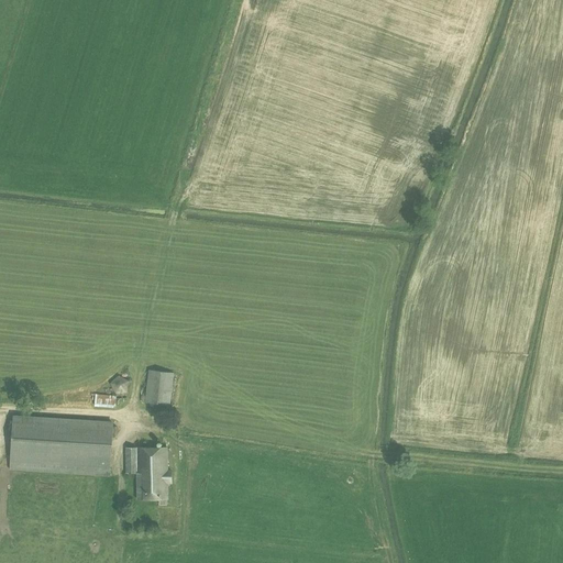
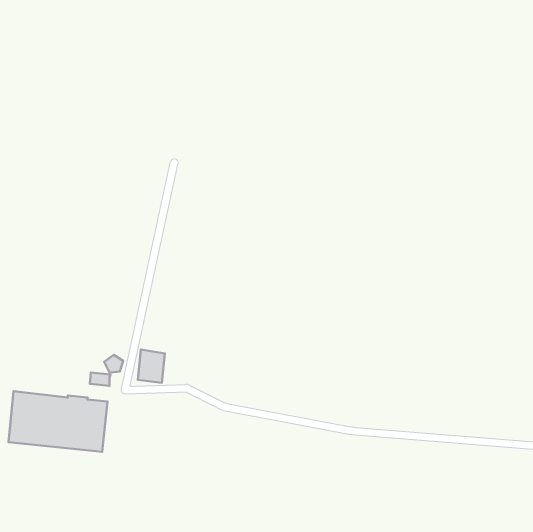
building: [125,446,172,504] -> none

